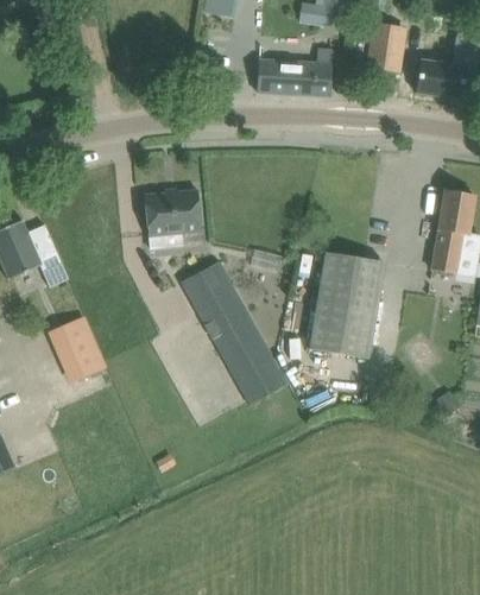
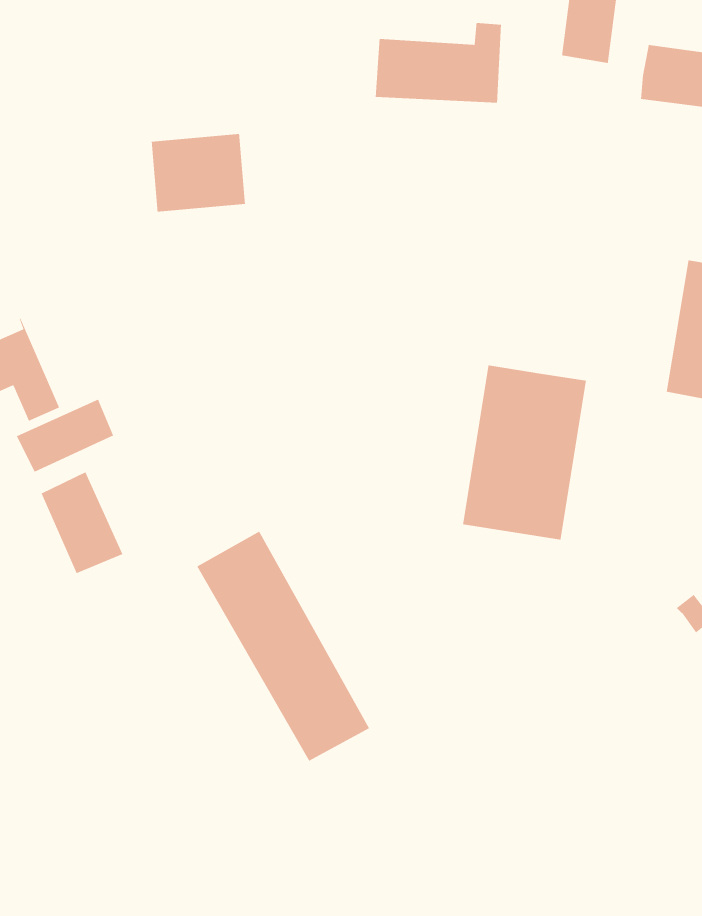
building: [144,190,201,238] -> [151,133,246,212]
building: [181,261,285,400] -> [196,531,370,762]
building: none -> [16,398,114,473]

